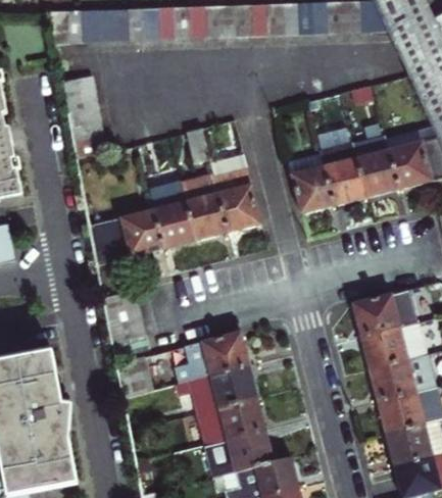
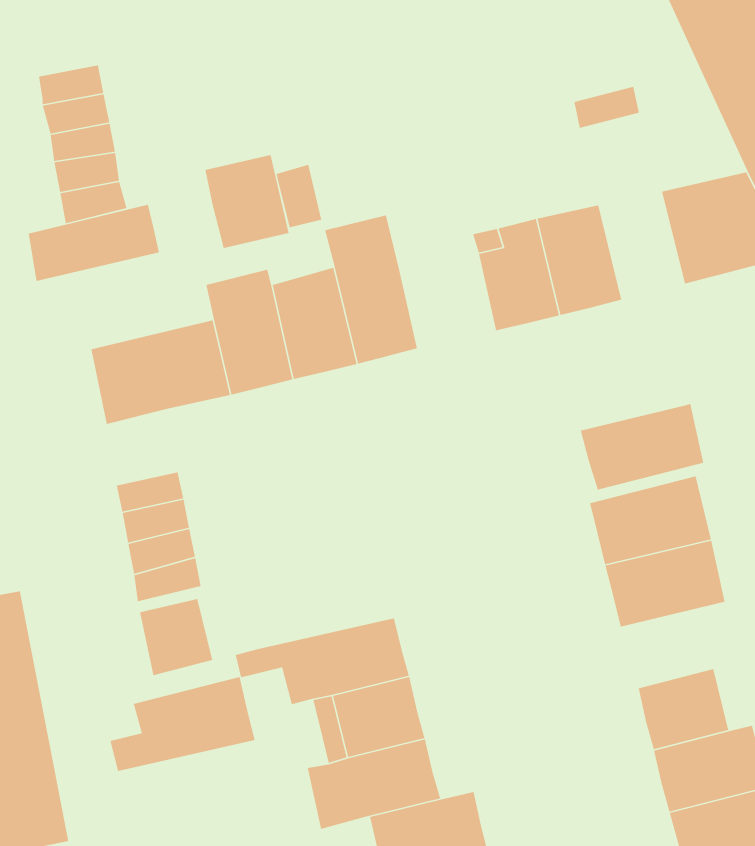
building: none -> [205,154,290,249]
building: [357,141,402,198] -> none
building: none -> [28,204,160,282]
building: [174,331,250,381] -> [110,676,256,772]
building: [369,355,434,401] -> [580,403,704,491]

